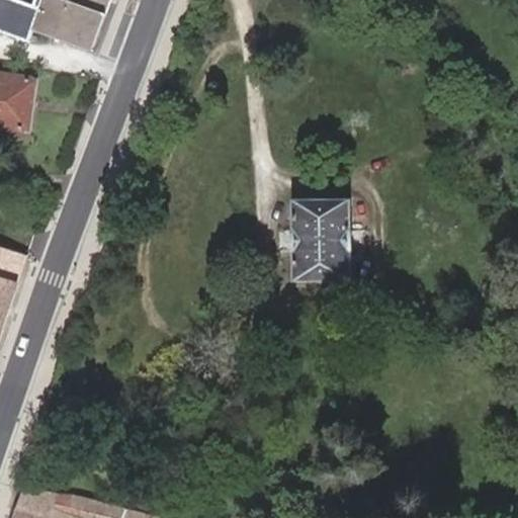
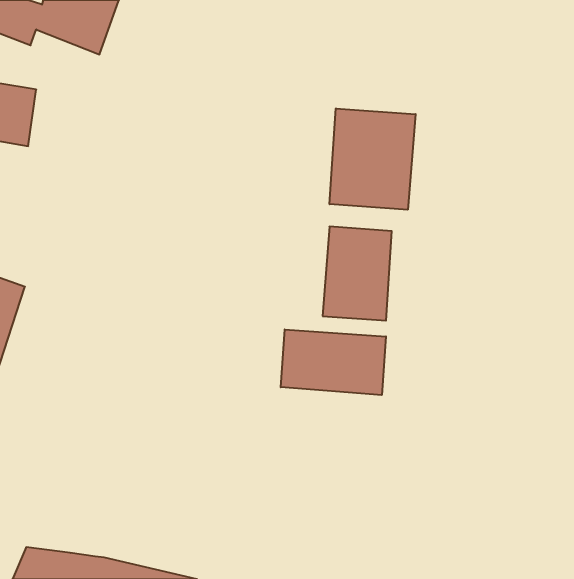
building: none -> [330,108,416,210]
building: none -> [281,329,386,395]

